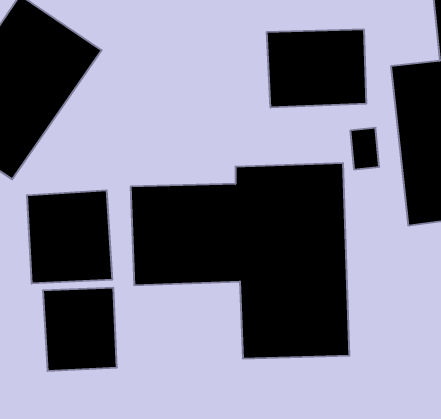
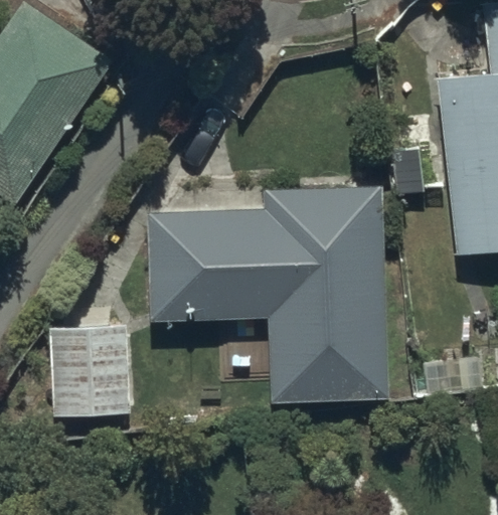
building: [267,29,366,108] -> none
building: [27,190,112,284] -> none

